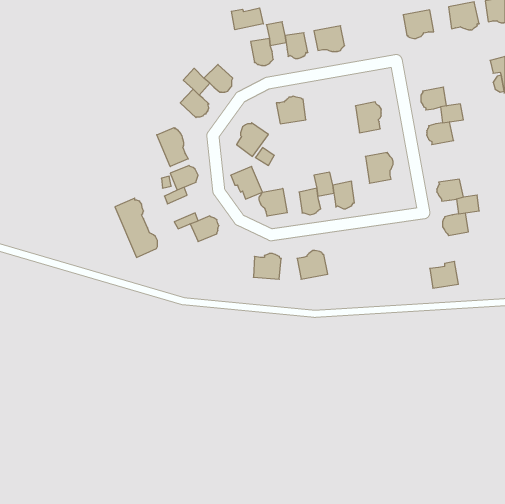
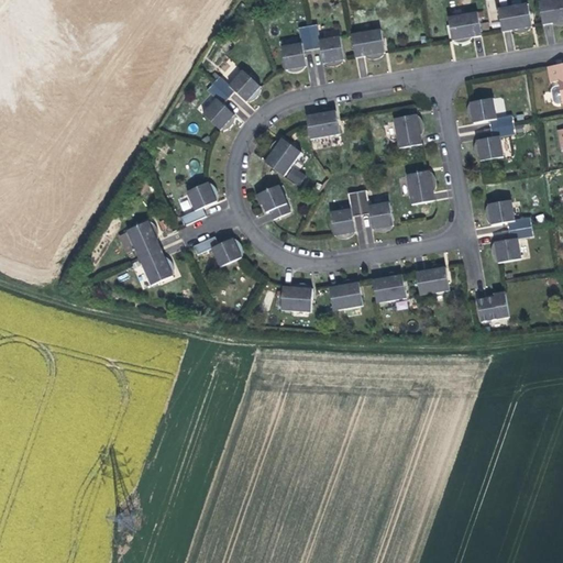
building: [231,8,263,30] -> none
building: [157,128,188,167] -> none
building: [259,188,287,216] -> none
building: none -> [417,264,450,295]
building: none -> [373,271,406,302]

